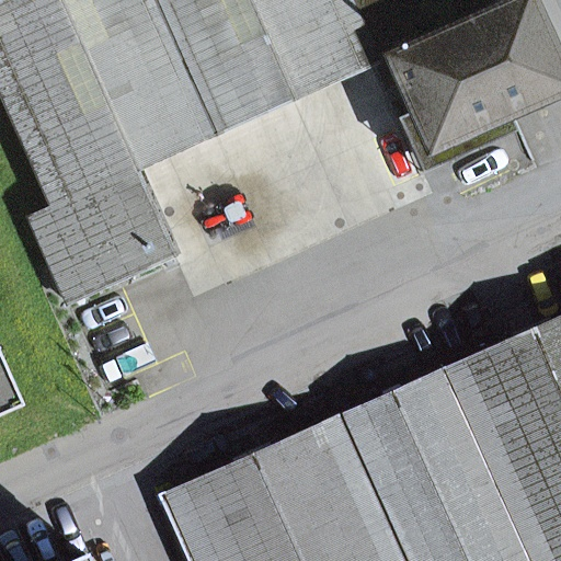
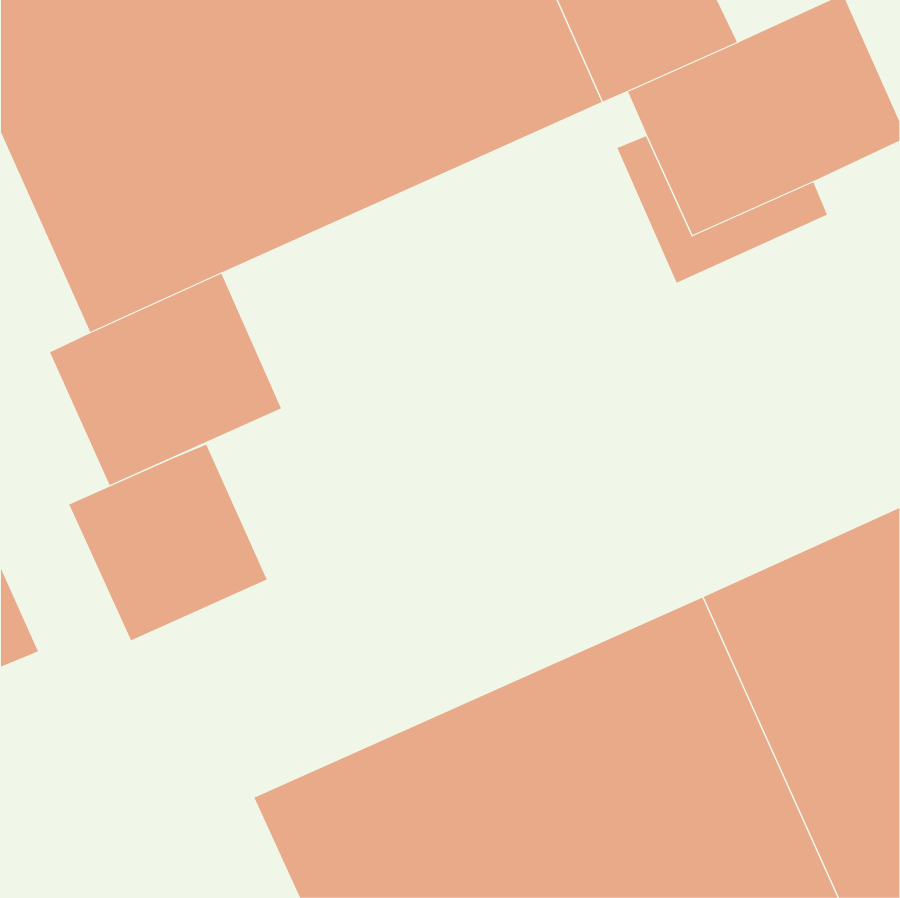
building: none -> [69,444,268,641]

